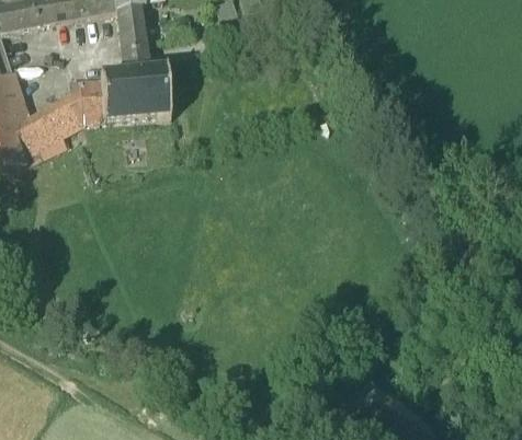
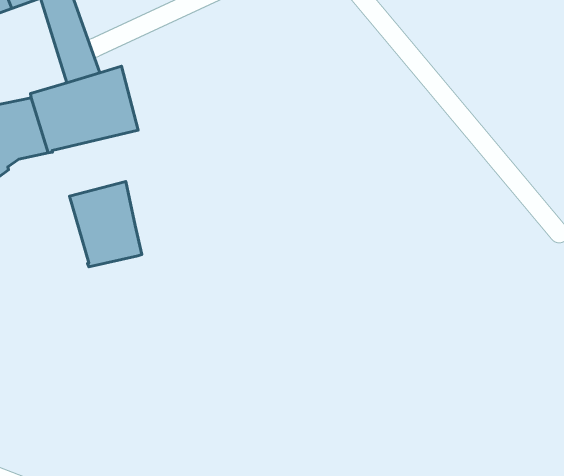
building: none -> [69,181,142,267]

